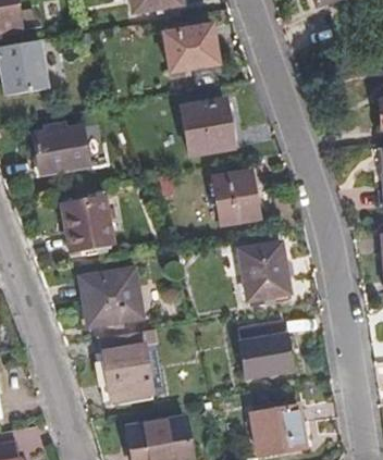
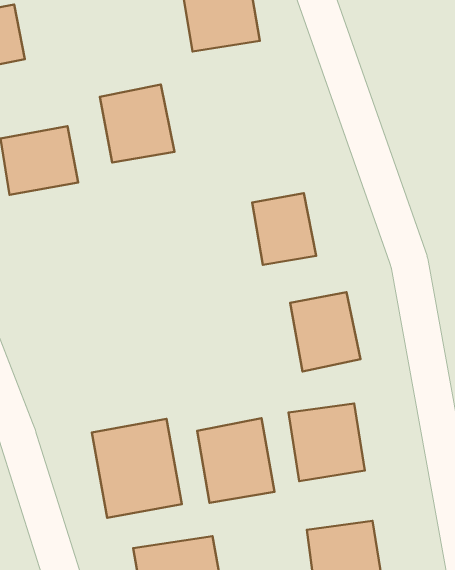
building: [182,98,235,153] -> [100,85,175,162]
building: [63,196,115,253] -> none
building: [79,270,141,327] -> none
building: none -> [197,418,275,503]

